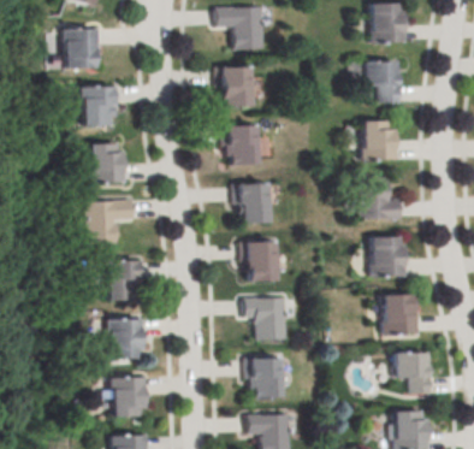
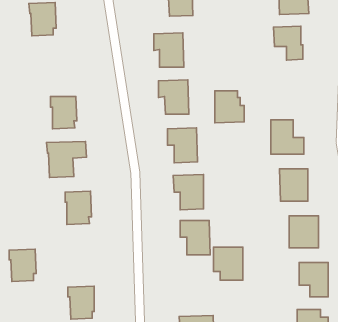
building: [81,87,114,128] -> none
building: [363,117,399,156] -> [215,91,244,123]
building: [108,321,142,361] -> [9,249,36,281]
building: [247,354,283,395] -> [213,247,243,280]

